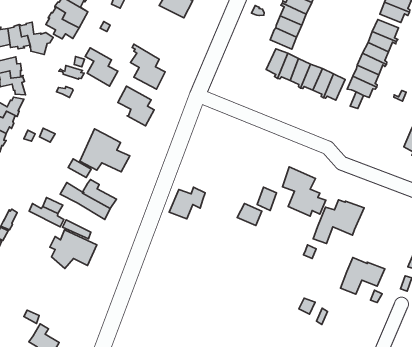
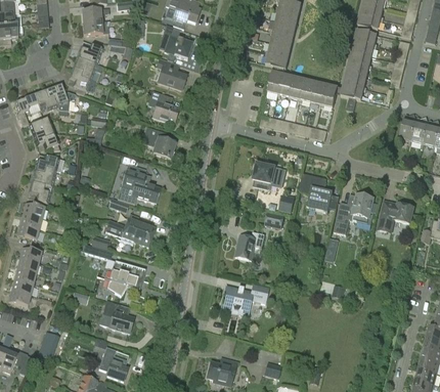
building: [85,48,118,86] -> [156,58,186,89]
building: none -> [253,162,283,189]
building: [169,187,205,219] -> [235,230,264,259]
building: [341,257,385,294] -> [378,201,413,232]
building: none -> [99,300,134,332]
building: none -> [222,284,268,315]

